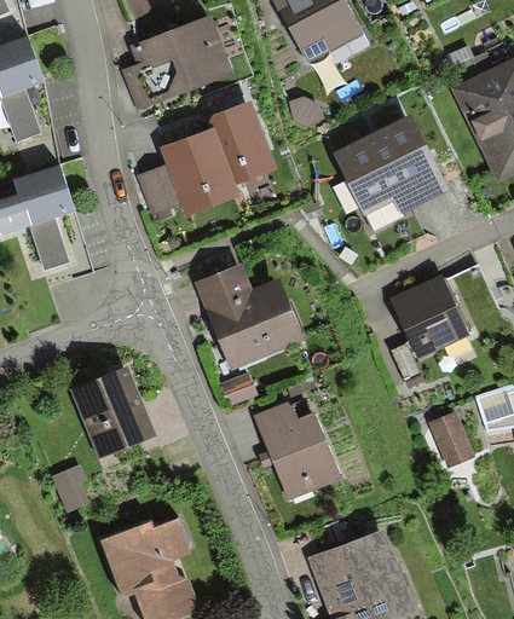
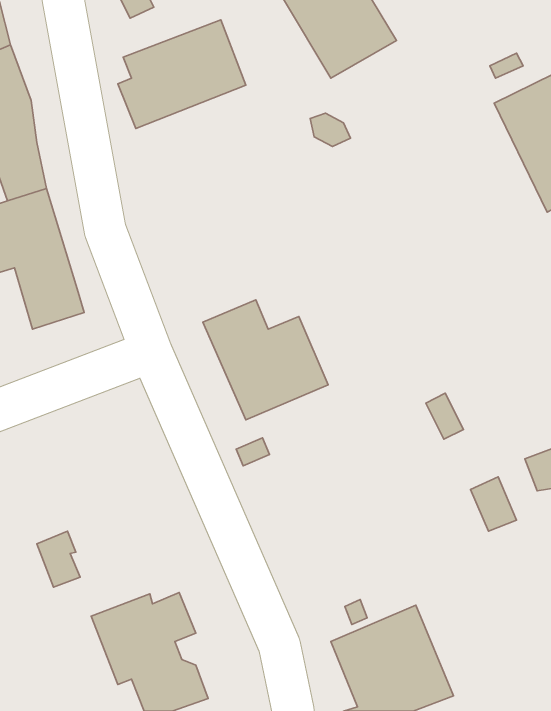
building: [140,106,279,226] -> none
building: [334,123,447,221] -> none
building: [392,274,468,354] -> none
building: [70,363,155,451] -> none
building: [253,397,343,498] -> none

